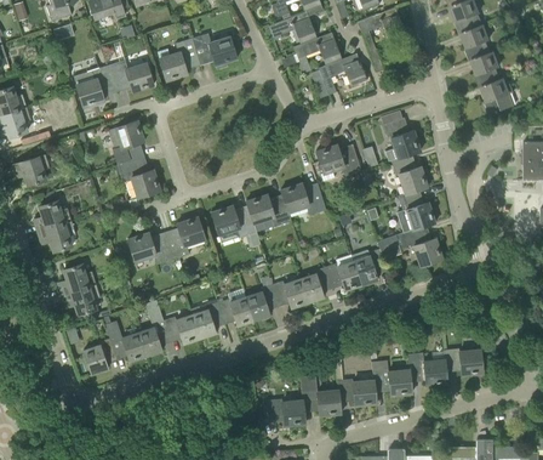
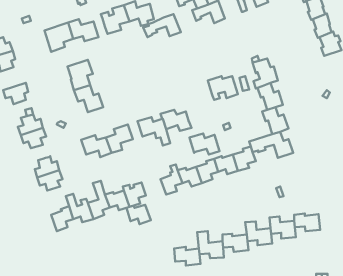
building: [310,53,366,87] -> [143,14,181,37]
building: [280,183,325,215] -> [189,133,220,155]
building: [217,297,253,326] -> [126,205,151,224]

